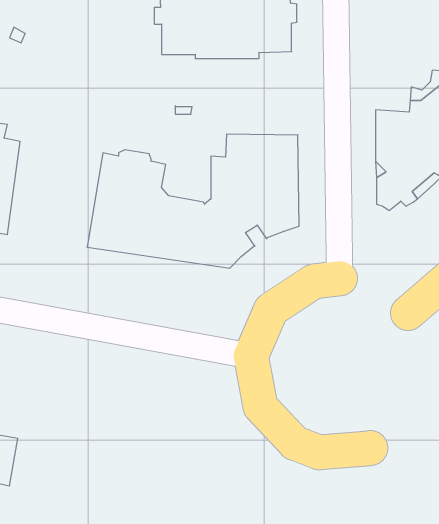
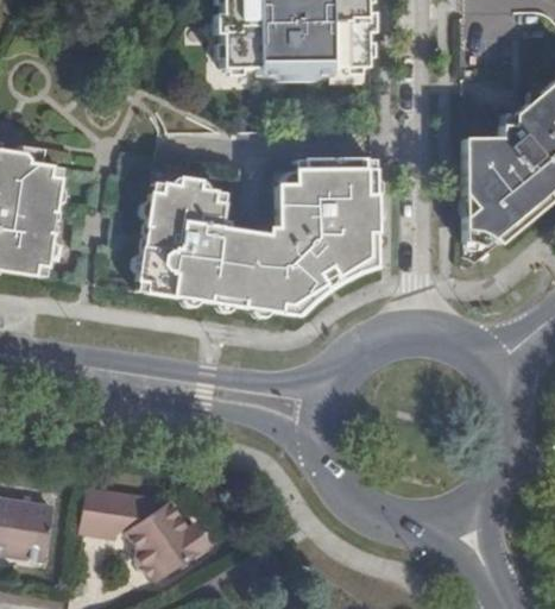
building: none -> [81,484,214,582]

